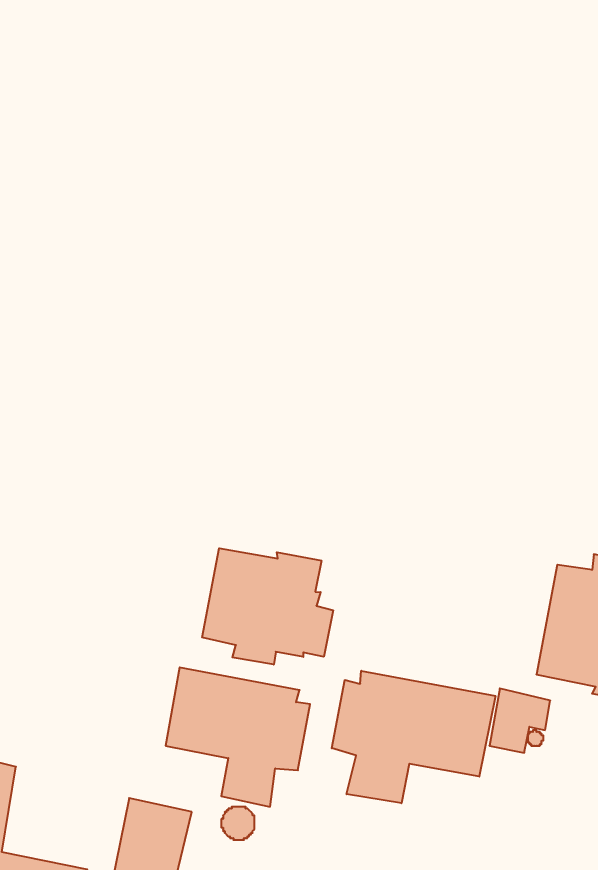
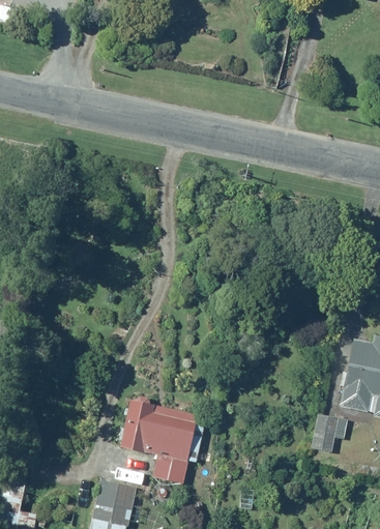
building: [202,548,333,665] -> none
building: [332,671,495,803] -> none

